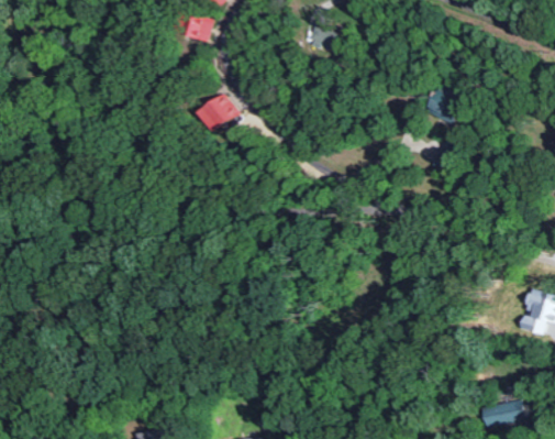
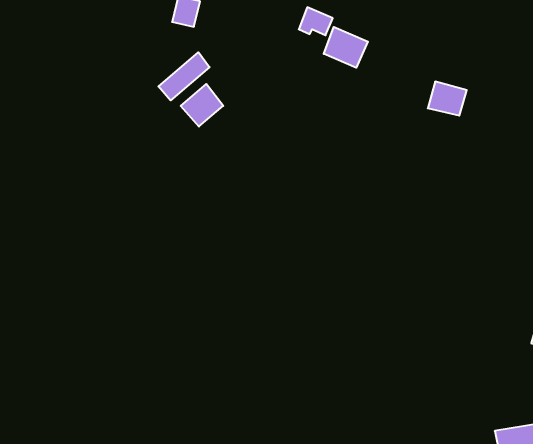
building: none -> [324,27,368,68]
building: none -> [158,52,210,100]

